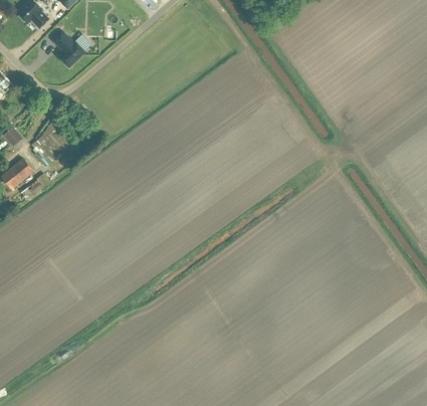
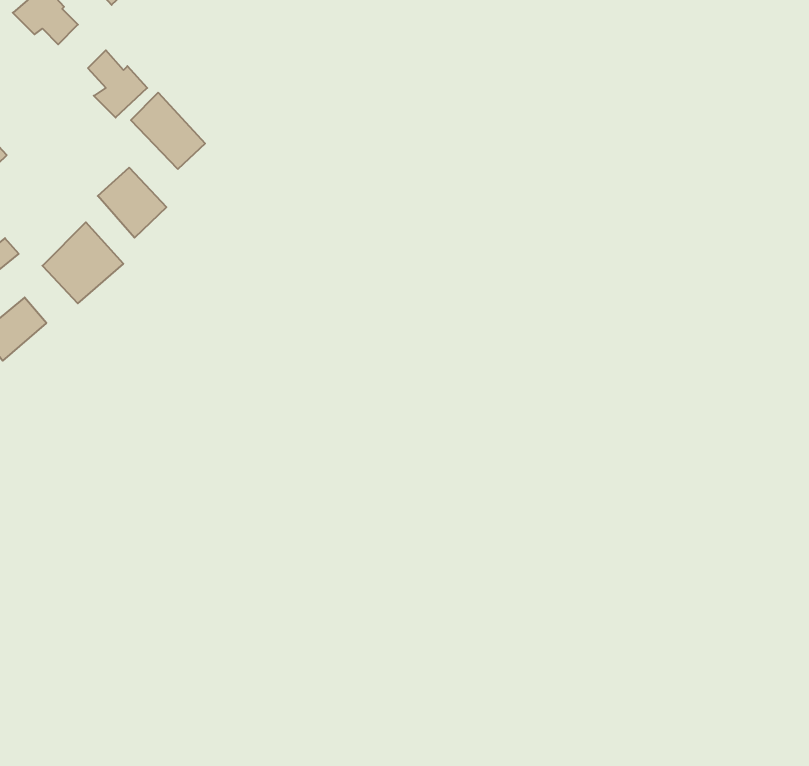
building: none -> [131,93,205,169]
building: none -> [98,168,166,238]

